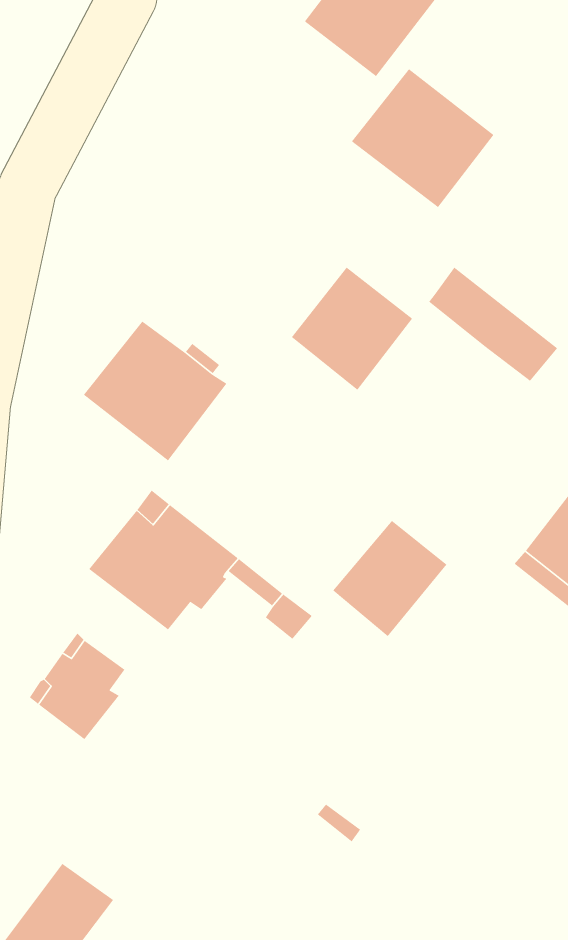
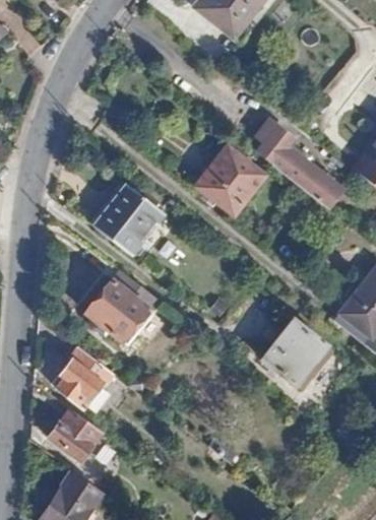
building: [351,68,494,208] -> none
building: none -> [255,121,293,162]
building: [332,520,447,637] -> [263,321,326,385]
building: none -> [49,408,103,460]

